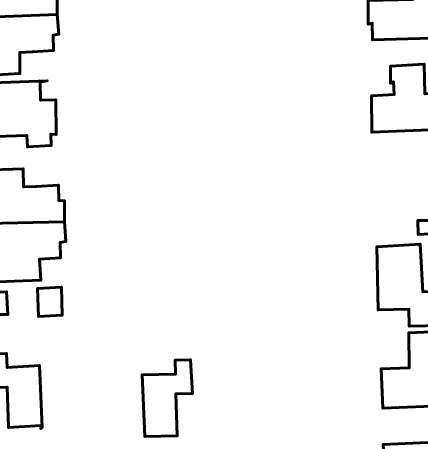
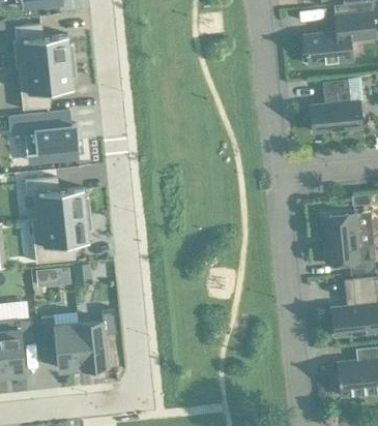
building: [142,360,192,436] -> [78,309,116,368]

